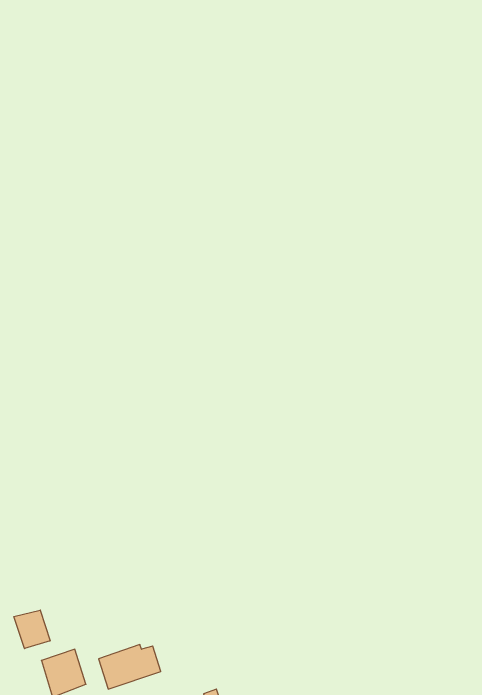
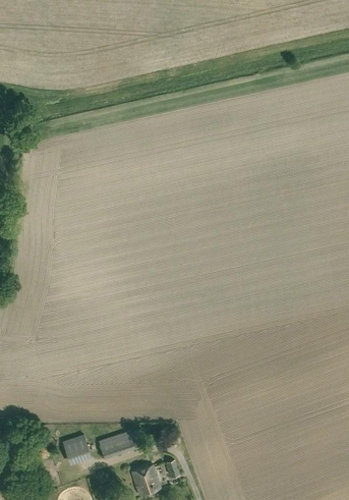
building: [14,610,50,649] -> none

